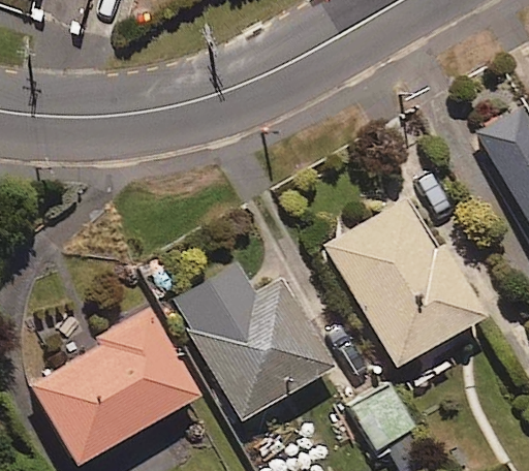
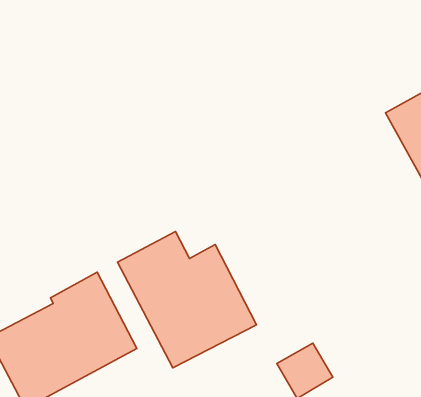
building: [328,197,481,364] -> none

